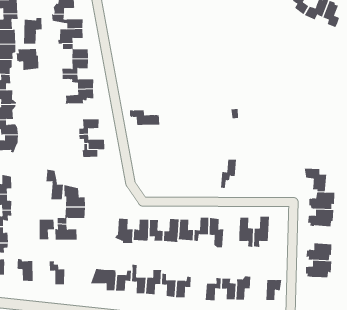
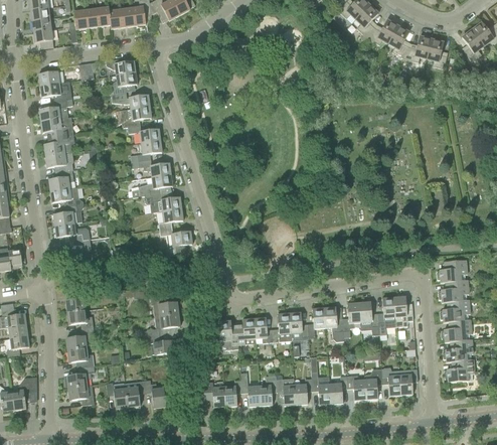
building: [24,17,42,45] -> none
building: [16,48,39,71] -> none
building: [129,110,160,125] -> [143,193,181,212]
building: [220,159,237,188] -> [342,302,359,337]
building: [304,168,327,192] -> none
building: [46,169,64,200] -> none
building: none -> [393,296,412,326]
building: [39,219,55,240] -> [125,381,145,407]
building: none -> [439,300,470,322]
building: none -> [311,372,330,406]
building: none -> [380,367,400,396]
building: none -> [444,359,474,382]

